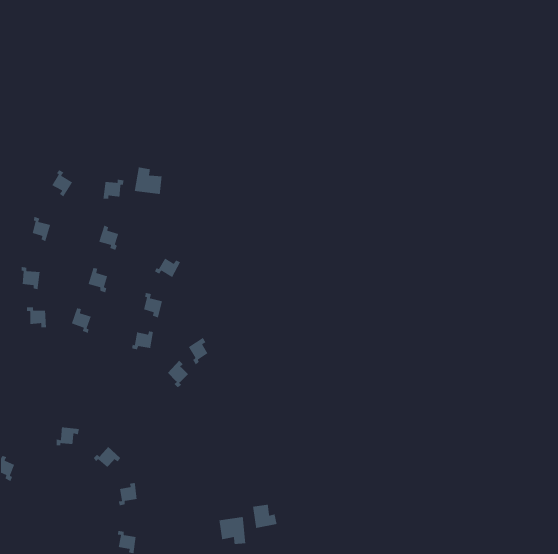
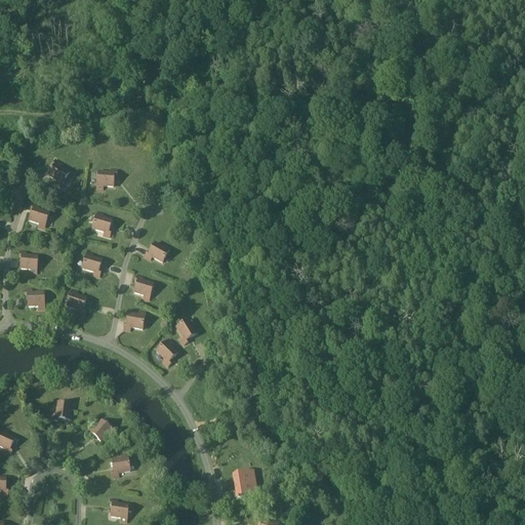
building: [134,167,162,195] -> none
building: [218,516,246,545] -> none

